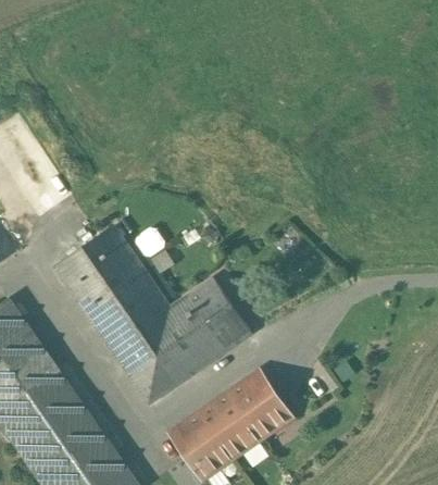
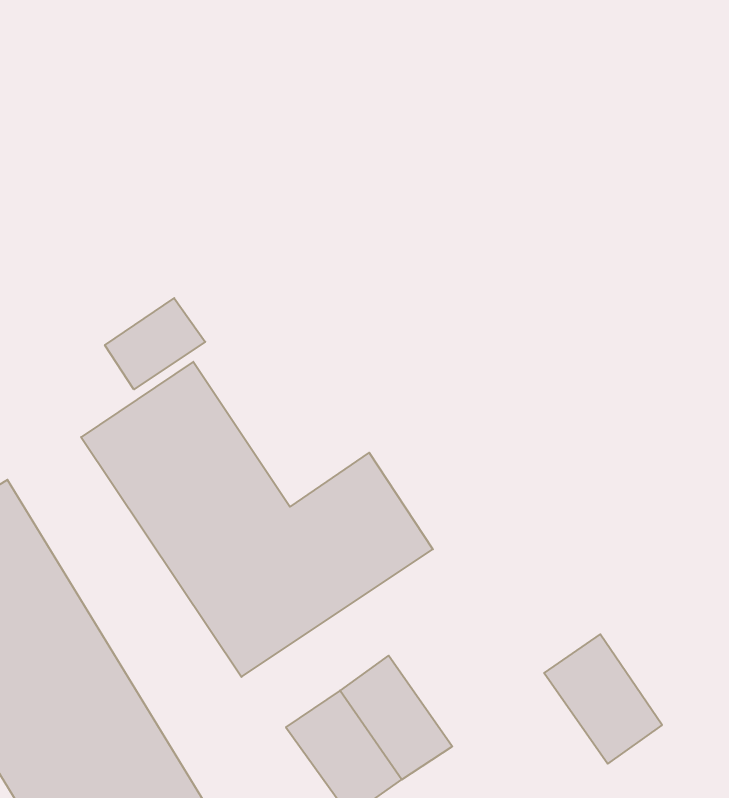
building: none -> [105,298,205,389]
building: [228,369,295,442] -> [544,634,662,764]

